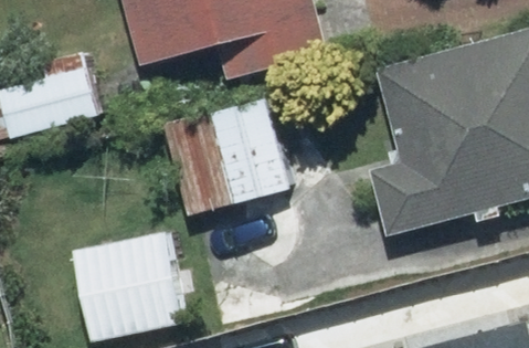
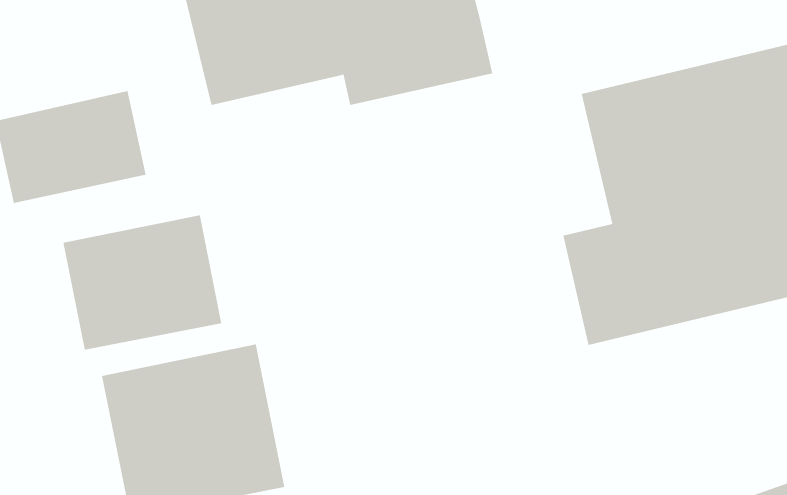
building: [165,99,293,214] -> none
building: none -> [63,214,222,351]

